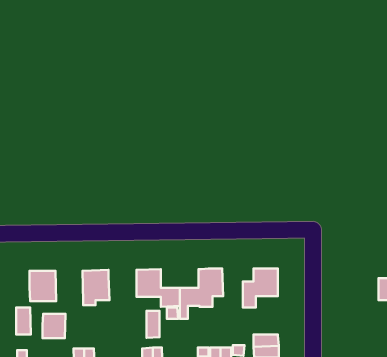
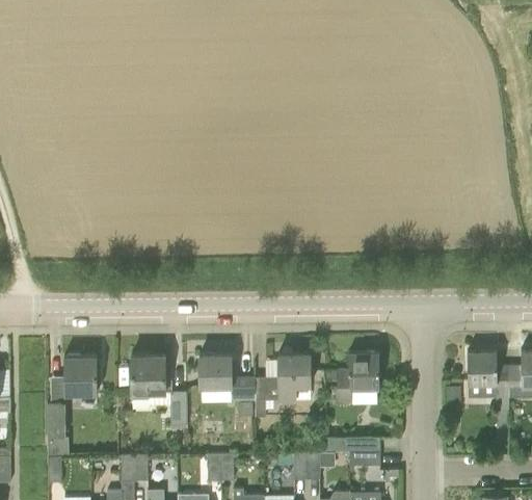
building: none -> [467,351,508,410]
building: [147,311,160,338] -> [170,391,187,425]
building: [42,314,65,338] -> none

